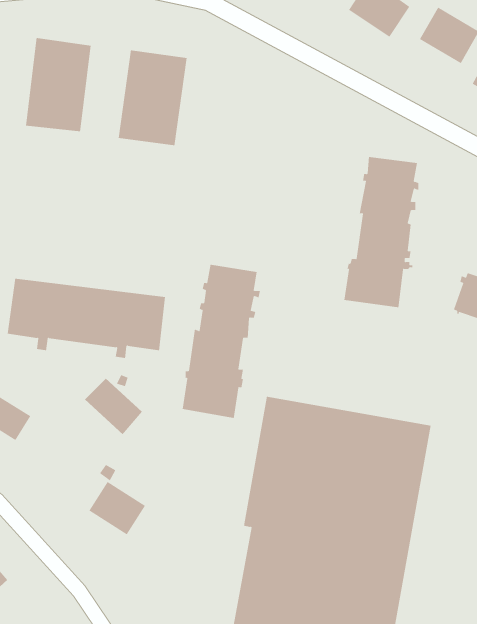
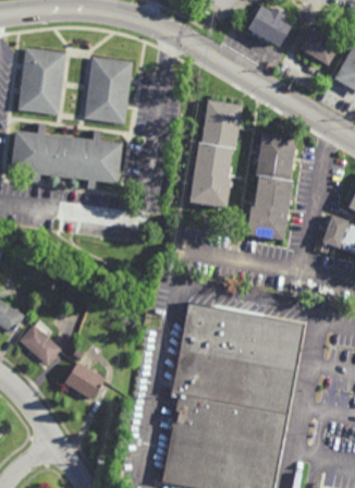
building: [182,264,261,419] -> [187,99,243,208]
building: [7,278,166,359] -> [10,131,122,187]
building: [84,378,143,435] -> [19,325,60,365]

